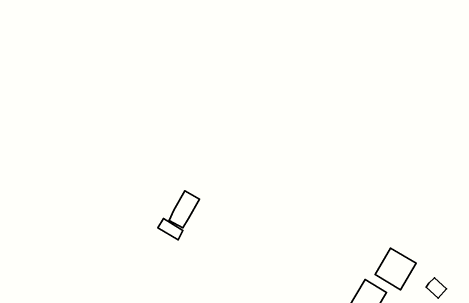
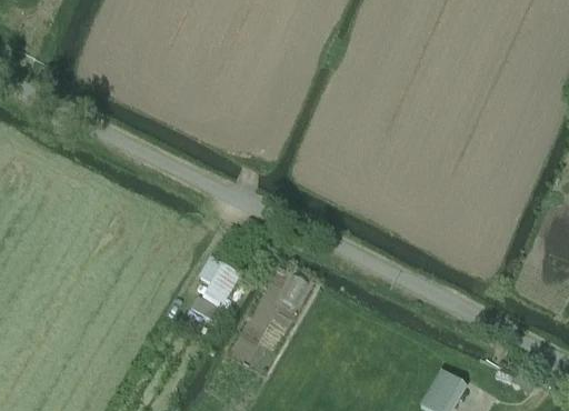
building: [375,248,416,290] -> none

